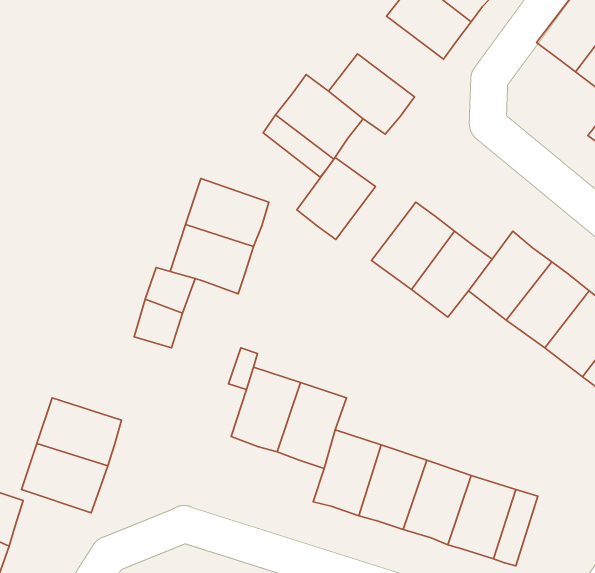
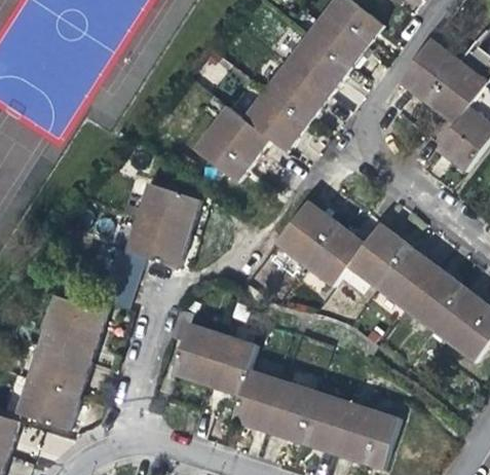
building: none -> [266,62,330,121]
building: [297,158,375,240] -> none
building: none -> [40,295,107,361]

